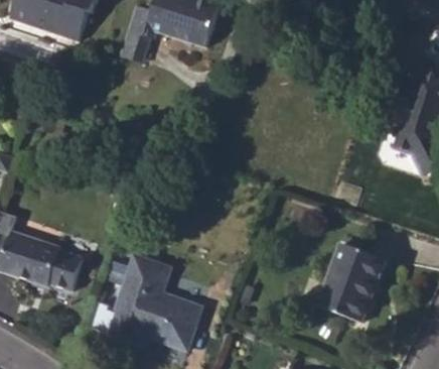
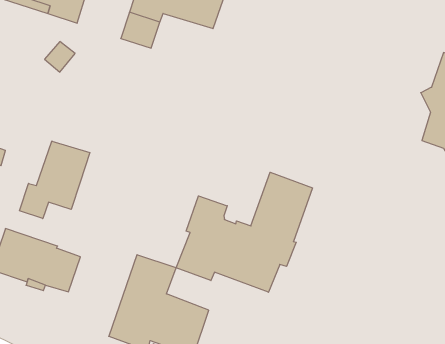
building: none -> [20,141,90,219]
building: none -> [176,172,313,292]
building: [317,242,385,322] -> none

